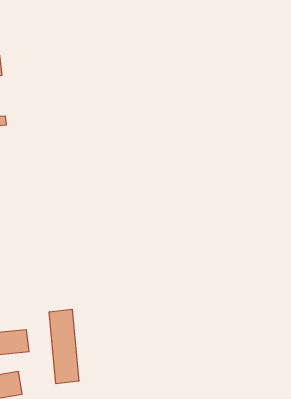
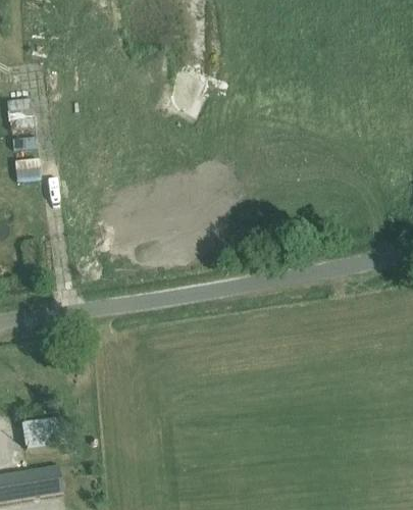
building: [49,309,79,384] -> none

